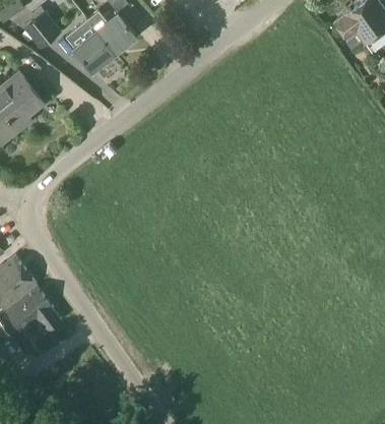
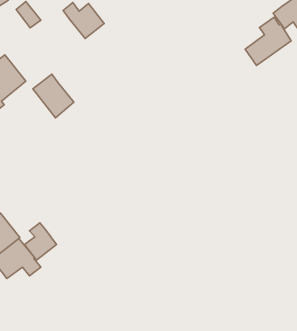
building: [65,21,113,72] -> [33,74,74,118]
building: none -> [245,17,291,65]
building: none -> [25,223,56,260]

